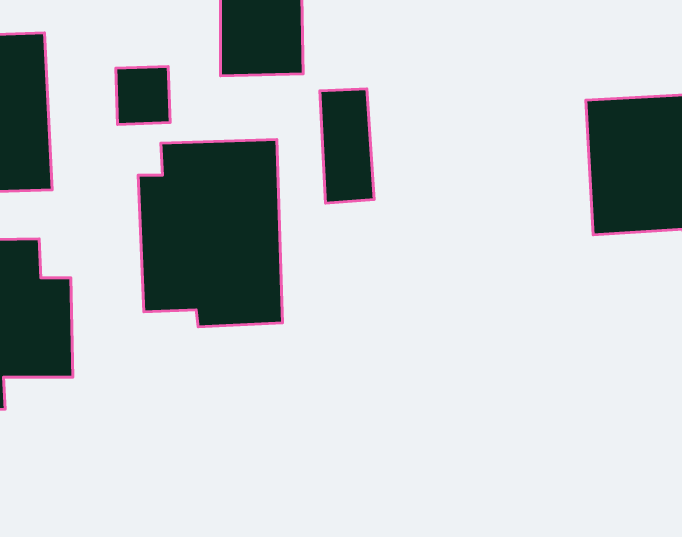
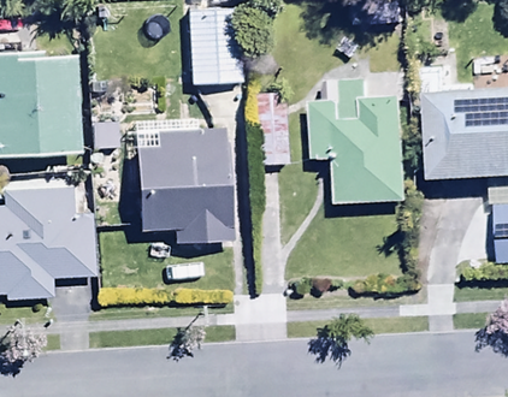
building: none -> [311,70,406,203]

